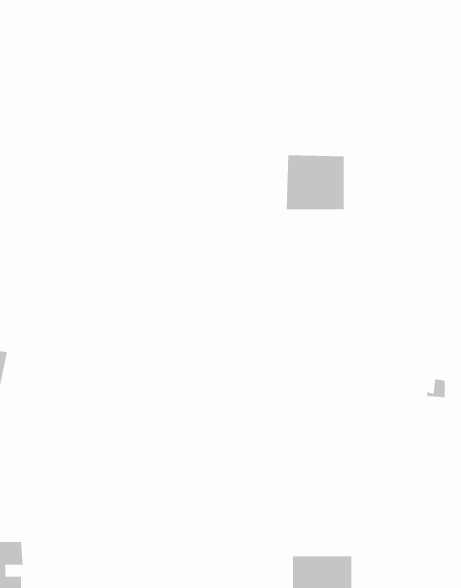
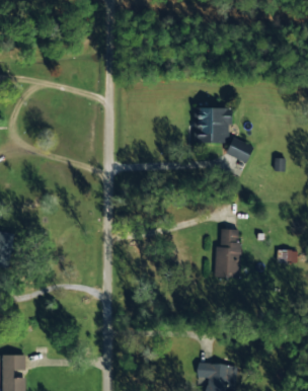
building: none -> [226,138,254,163]
building: none -> [215,229,240,279]

